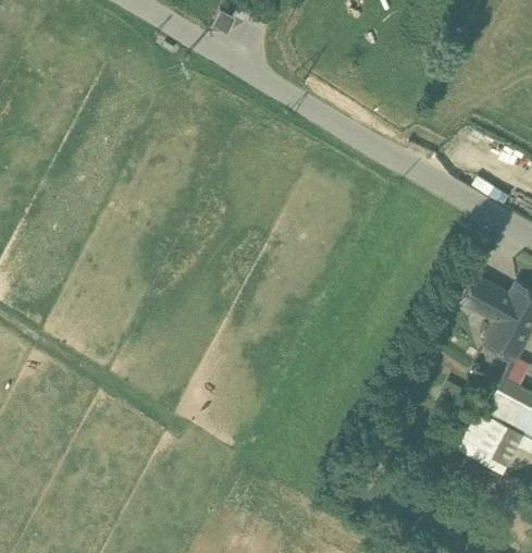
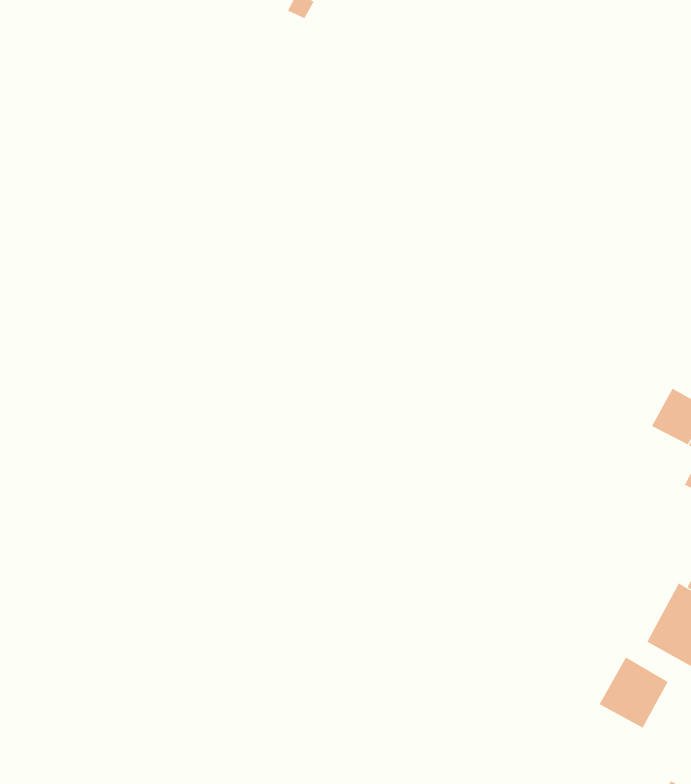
building: none -> [599,656,668,729]

